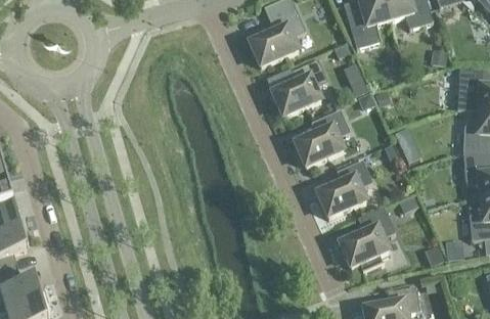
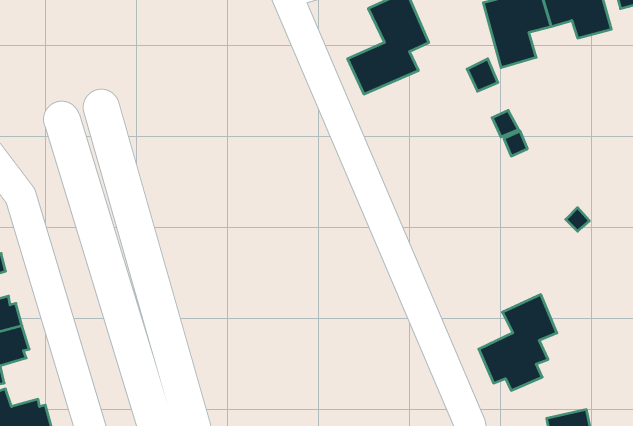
building: [272,58,327,117] -> none
building: [295,109,350,167] -> none
building: [317,160,371,217] -> none

